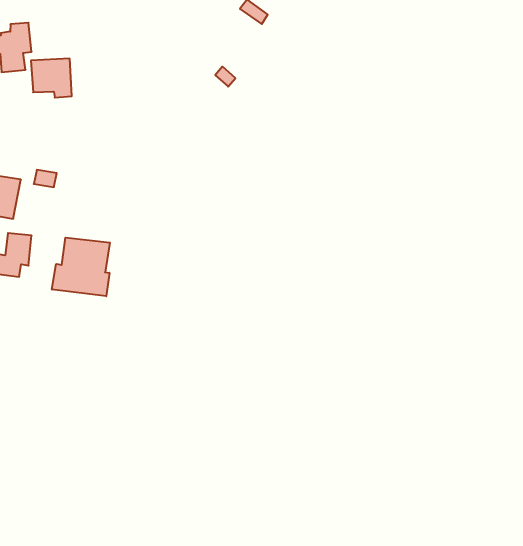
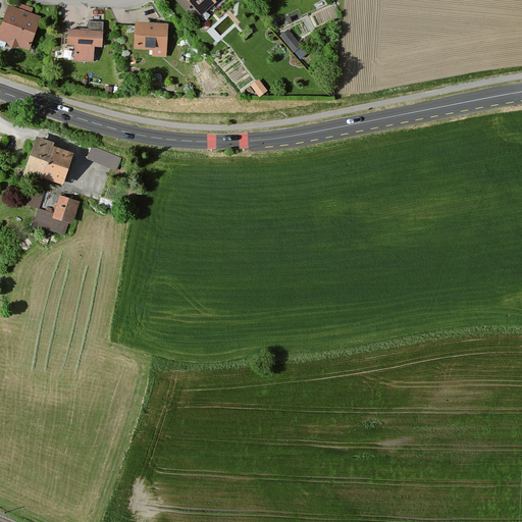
building: [31,59,72,98] -> [135,22,169,57]
building: [52,238,110,296] -> none

